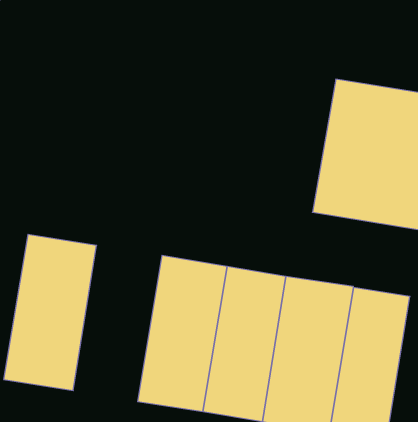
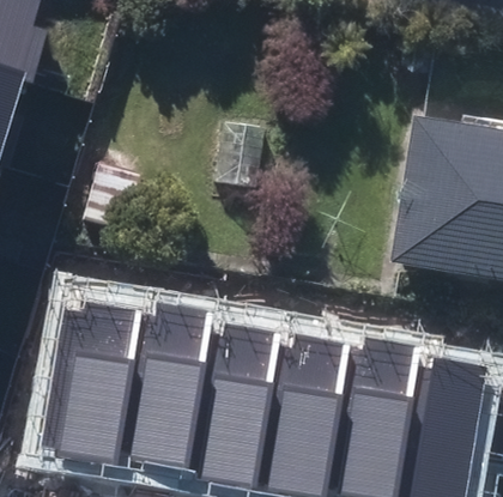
building: none -> [123,302,219,472]

